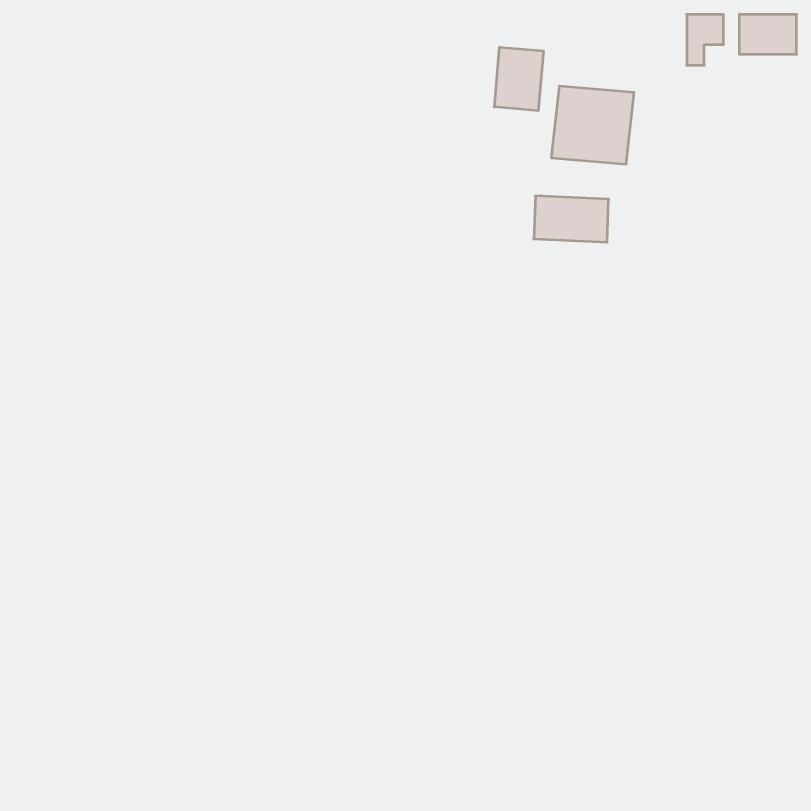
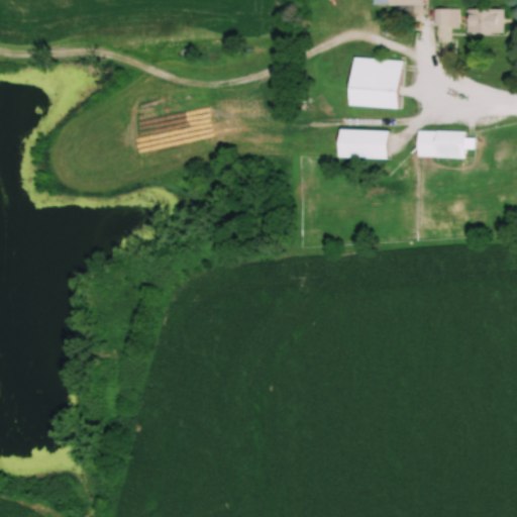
building: [494,47,543,111] -> none
building: none -> [415,131,462,163]

